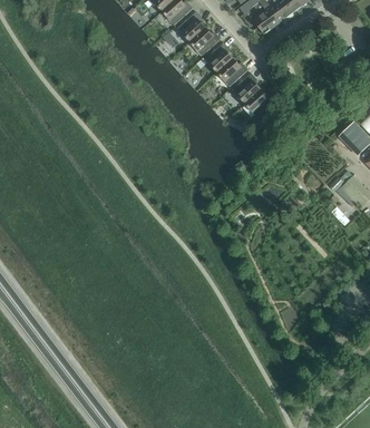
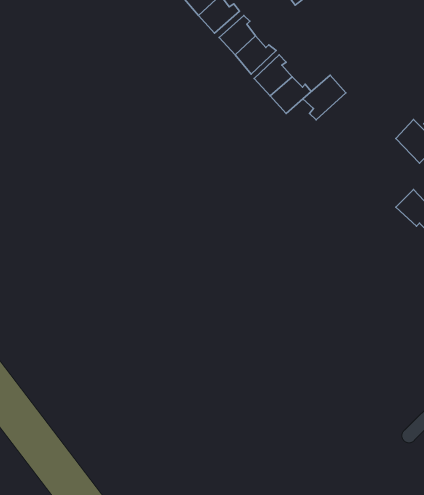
building: none -> [303,75,346,120]

